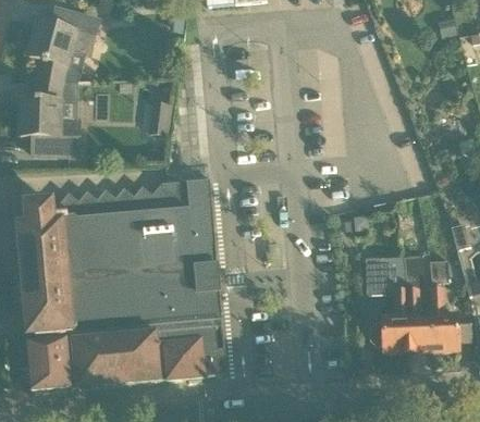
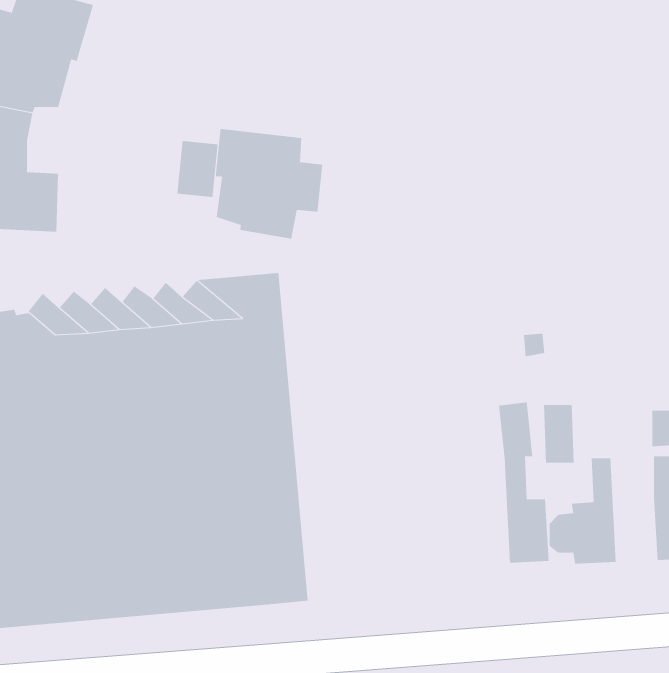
building: none -> [215,128,323,239]
building: [403,253,433,349] -> [498,402,550,563]

